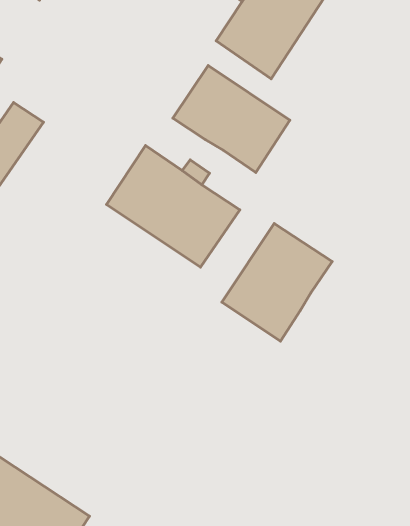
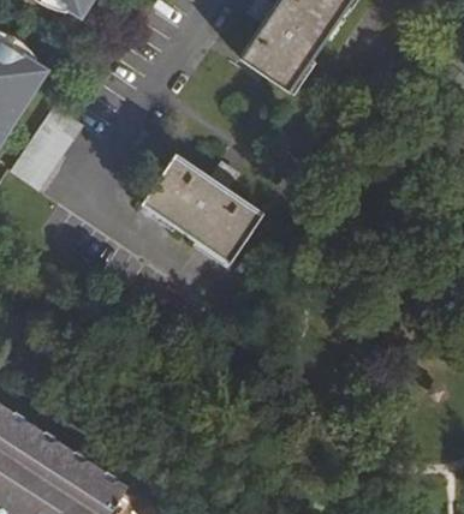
building: [173,66,290,172] -> none
building: [222,223,332,341] -> none

